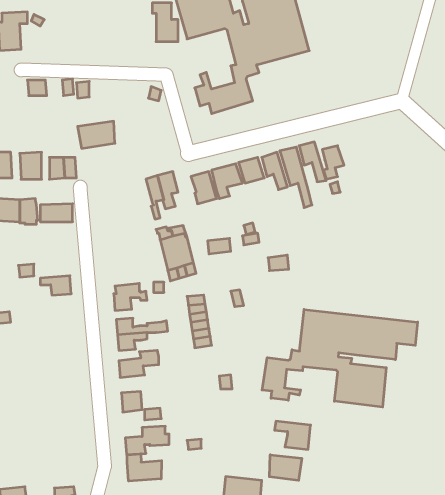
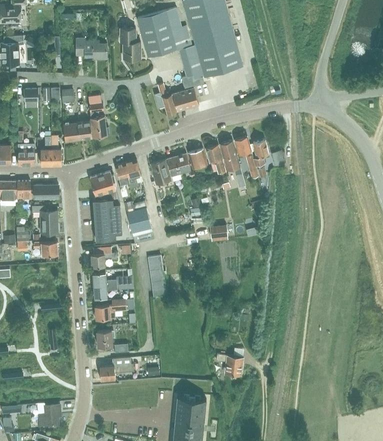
building: none -> [75,39,107,60]
building: none -> [88,96,109,138]
building: none -> [89,172,121,241]
building: none -> [31,206,57,234]
building: [262,309,418,407] -> none
building: [127,454,162,481] -> none
building: [269,455,302,480] -> none

